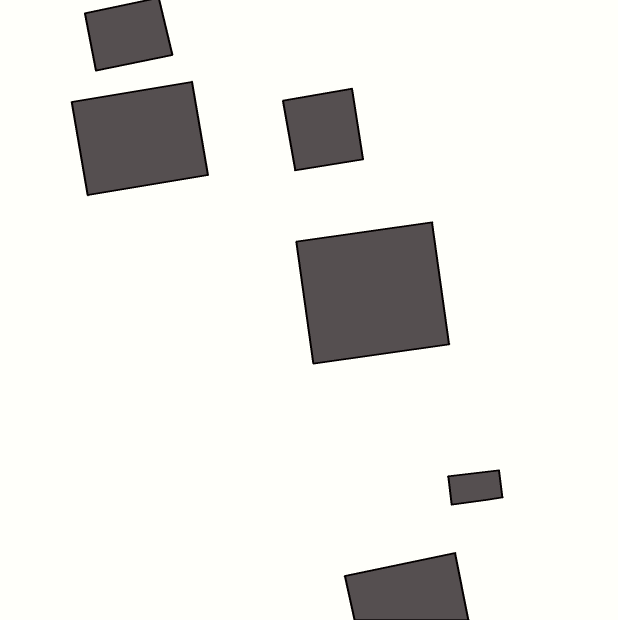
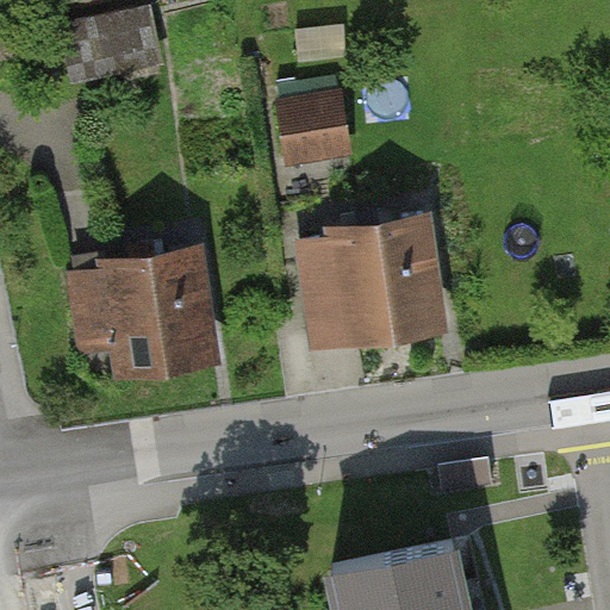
building: [72,82,208,195] -> none
building: none -> [63,250,217,385]

